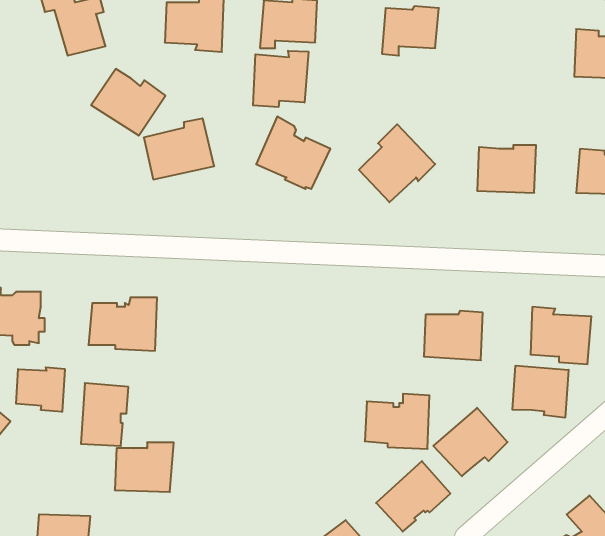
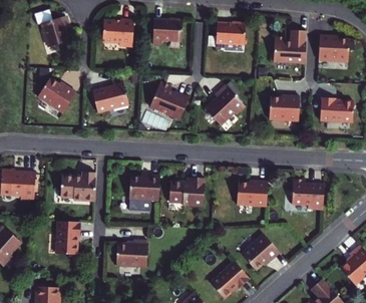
building: none -> [272,28,305,61]
building: [253,51,308,107] -> none
building: [91,69,165,136] -> [35,76,74,111]
building: none -> [131,176,162,202]
building: [512,366,569,418] -> none
building: [16,367,65,412] -> none
building: [365,394,430,449] -> [170,178,205,207]
building: [115,442,174,492] -> [119,240,150,266]

